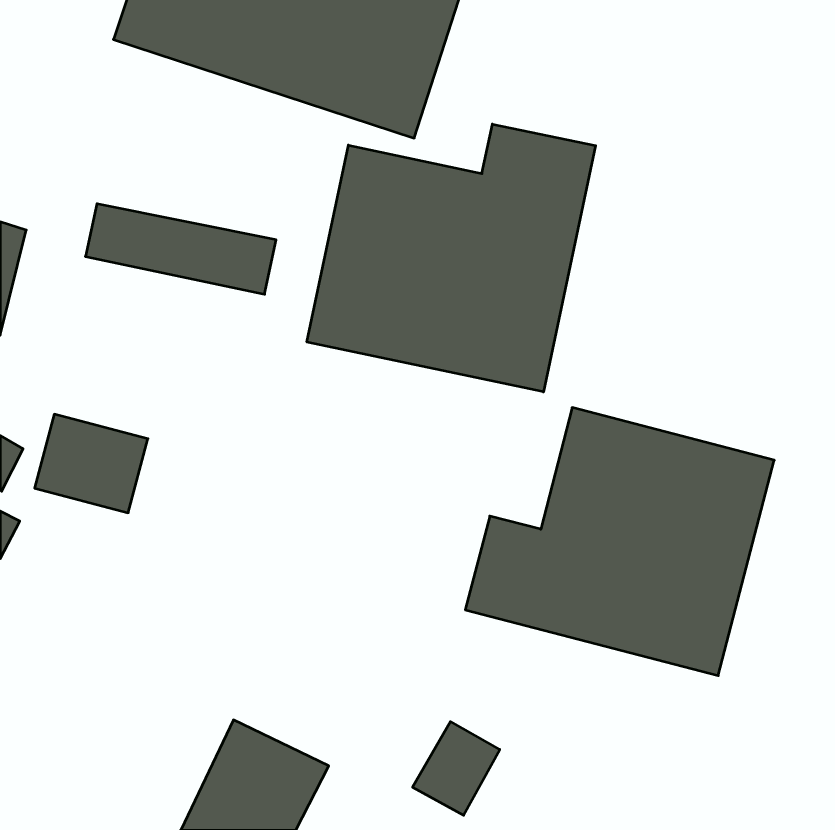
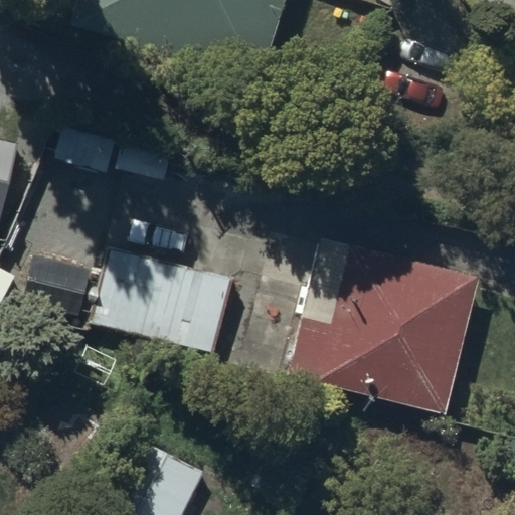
building: [307,124,596,392] -> none
building: none -> [94,247,229,350]

